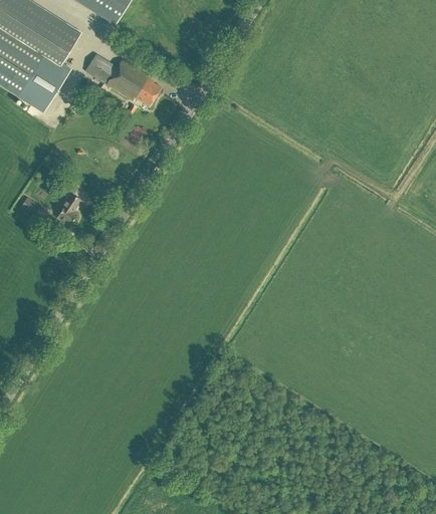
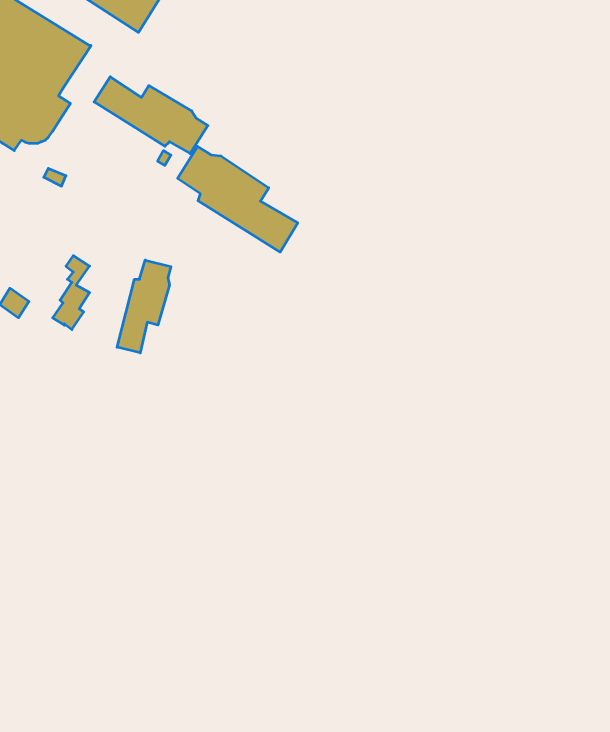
building: none -> [178,146,298,252]
building: none -> [117,260,171,353]

